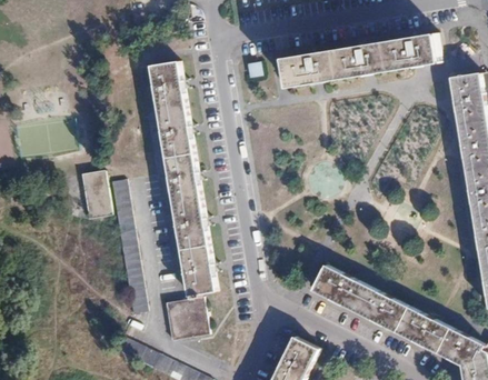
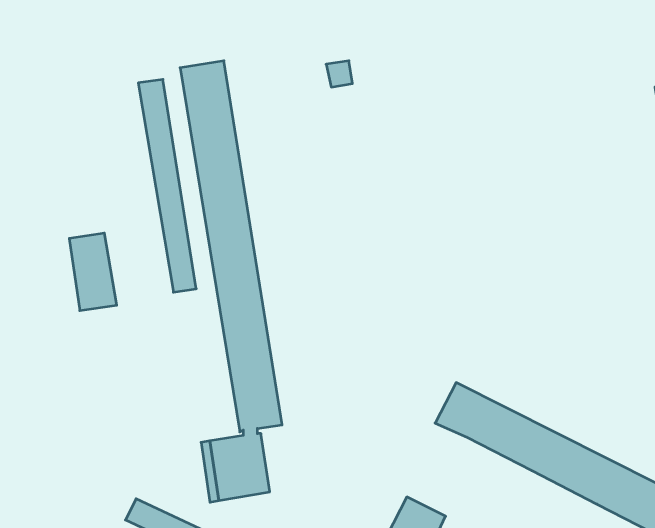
building: [283,32,439,86] -> none
building: [107,178,143,312] -> [138,79,196,292]

